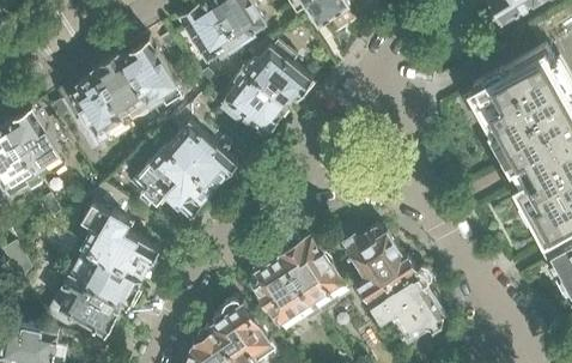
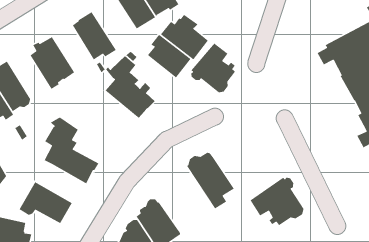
building: [91,54,151,126] -> none
building: none -> [190,42,236,93]
building: [132,149,214,216] -> none
building: [342,230,414,303] -> none
building: [69,254,142,309] -> none
building: [250,256,320,333] -> none

